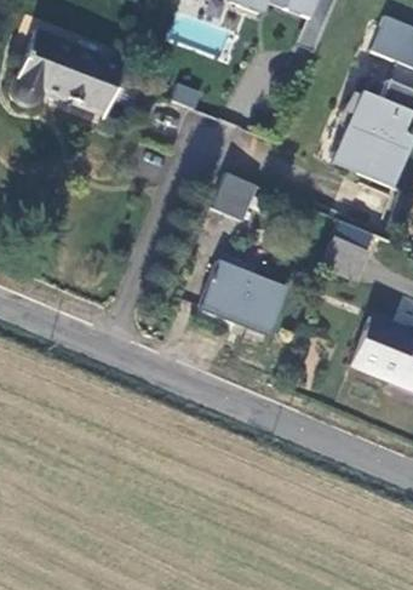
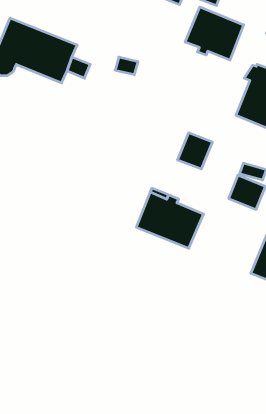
building: none -> [185,7,244,60]
building: [212,173,258,220] -> [177,133,212,169]

